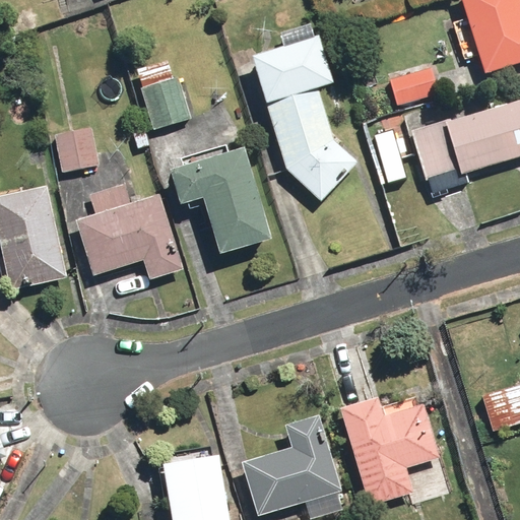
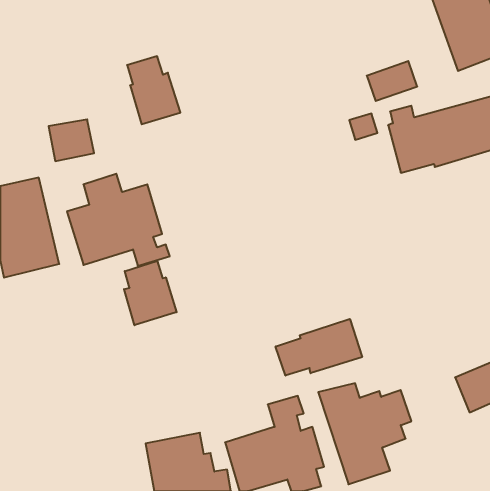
building: [234,40,360,200] -> none
building: [167,145,270,255] -> none
building: none -> [124,261,177,325]
building: none -> [276,319,362,376]

